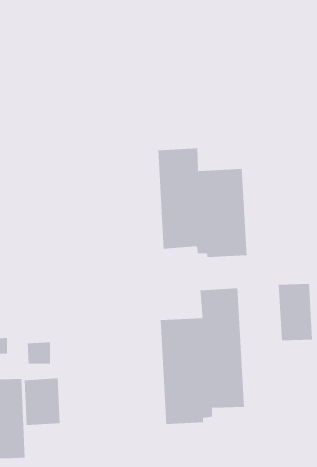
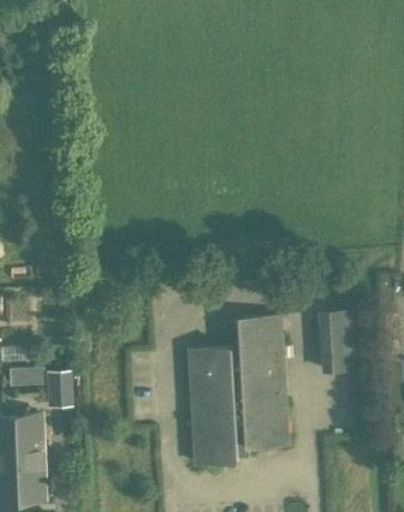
building: [158,147,247,258] -> none
building: [24,378,60,426] -> none

